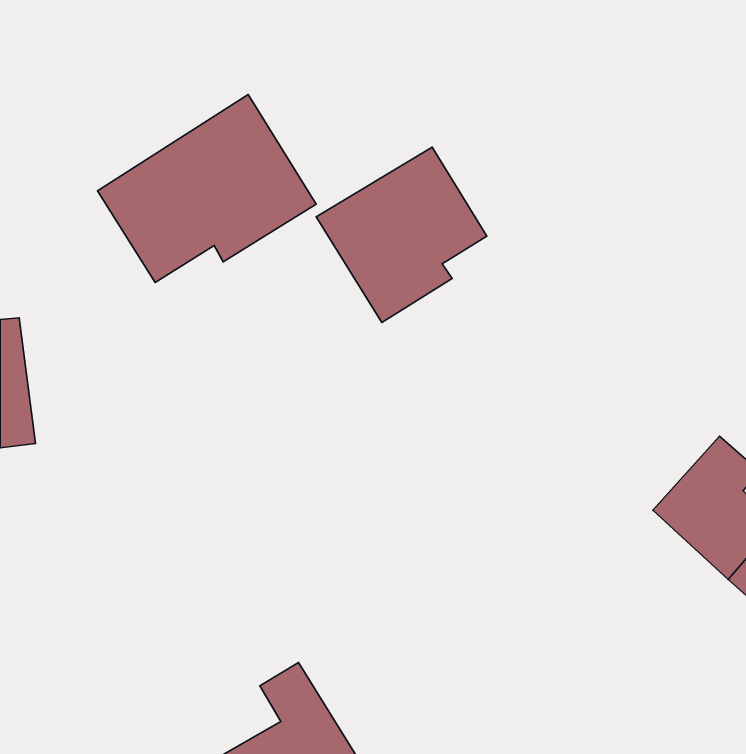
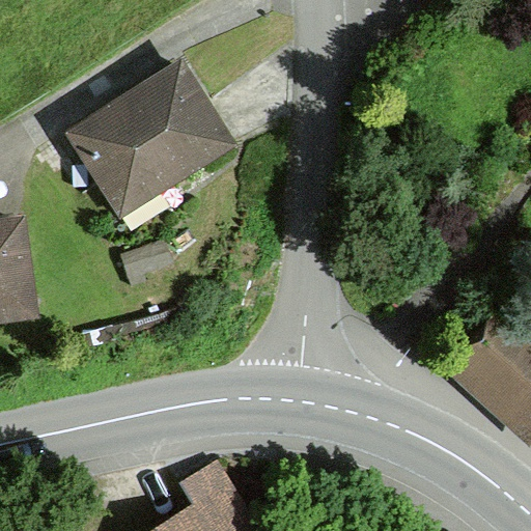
building: [316,147,487,323] -> none

